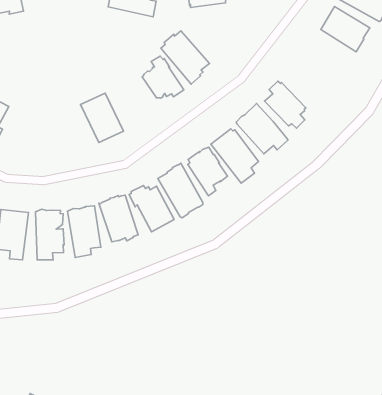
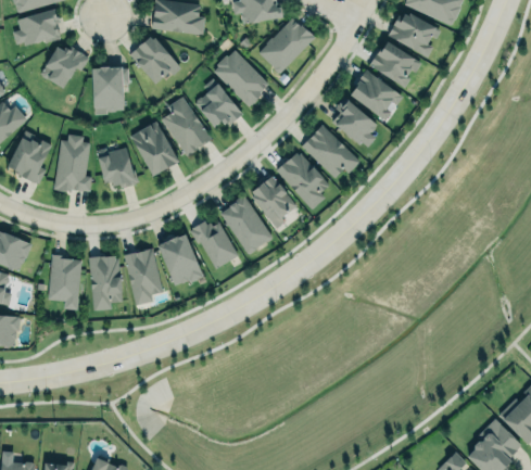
building: none -> [258,17,315,73]
building: none -> [131,39,180,85]
building: none -> [42,47,89,88]
building: none -> [369,38,421,86]
building: none -> [92,67,129,115]
building: none -> [349,72,403,122]
building: none -> [161,98,212,157]
building: none -> [55,137,92,194]
building: none -> [98,147,138,187]

